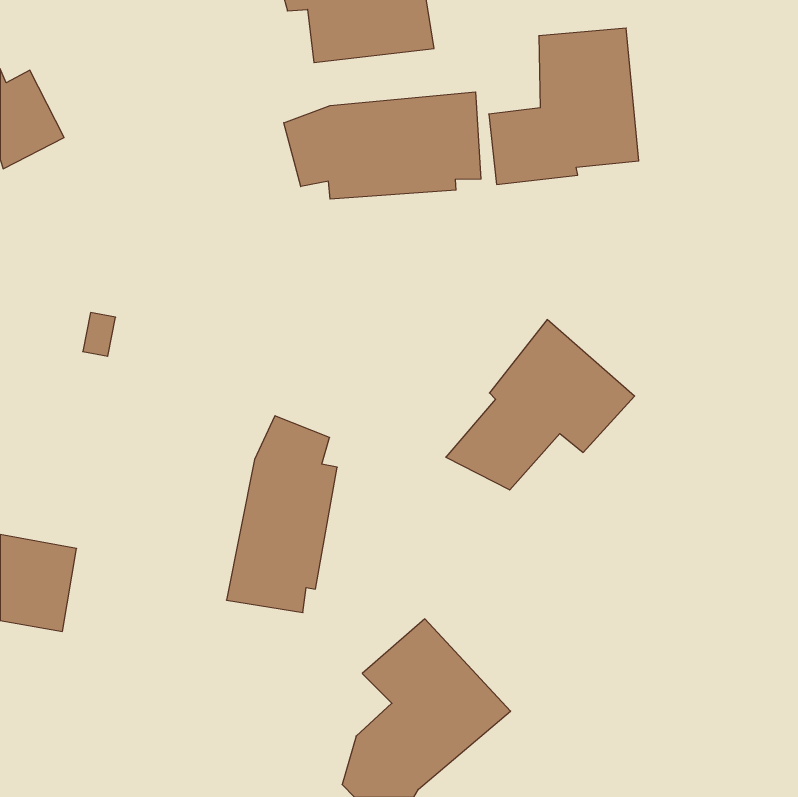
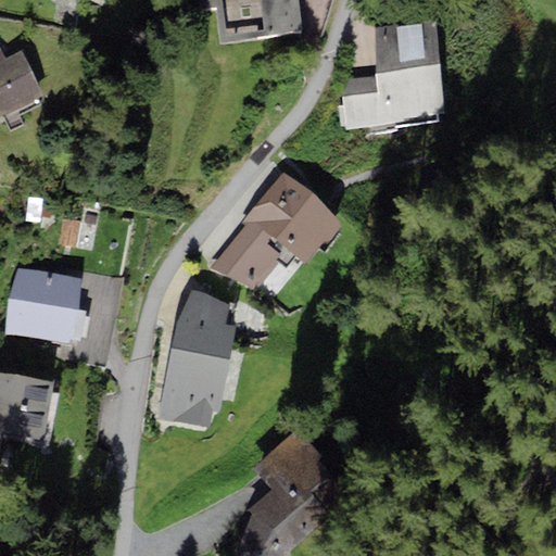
building: [284,92,481,199] -> none
building: [446,320,635,490] -> [212,170,343,289]
building: none -> [8,267,86,344]

